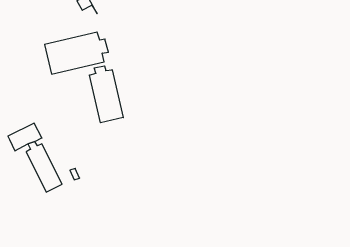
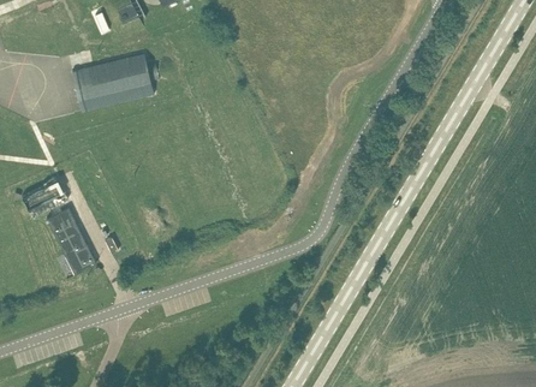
building: [89,66,123,123] -> none

